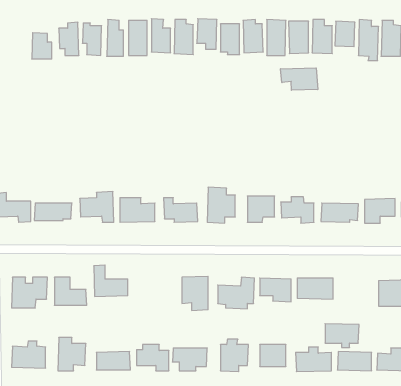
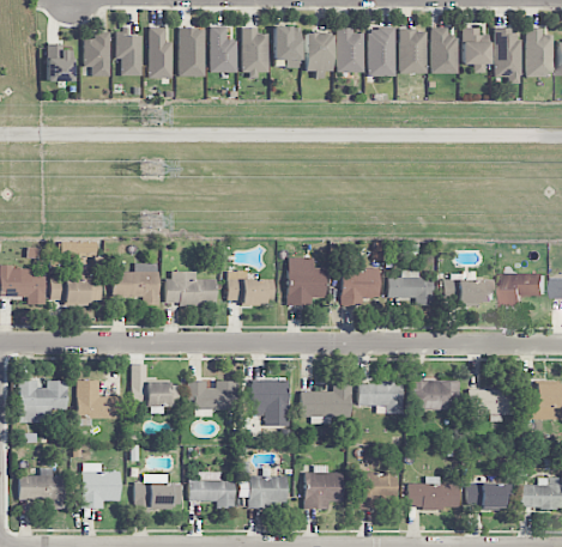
building: [281,68,318,90] -> none
building: none -> [188,382,236,417]
building: [325,324,359,347] -> [470,389,516,421]

